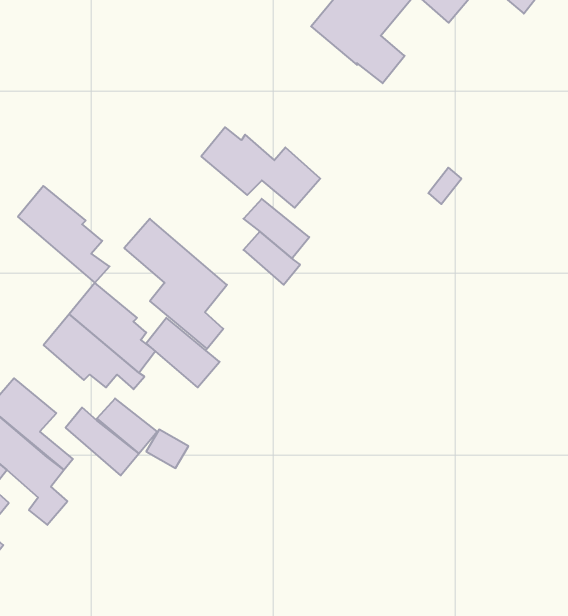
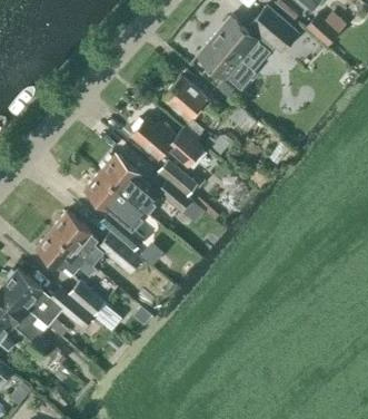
building: none -> [163,77,223,120]
building: [18,186,110,283] -> [101,155,157,214]

